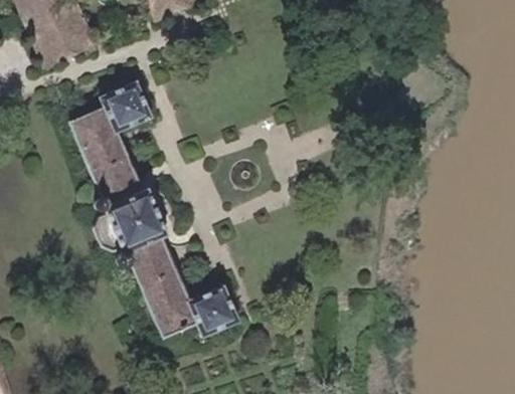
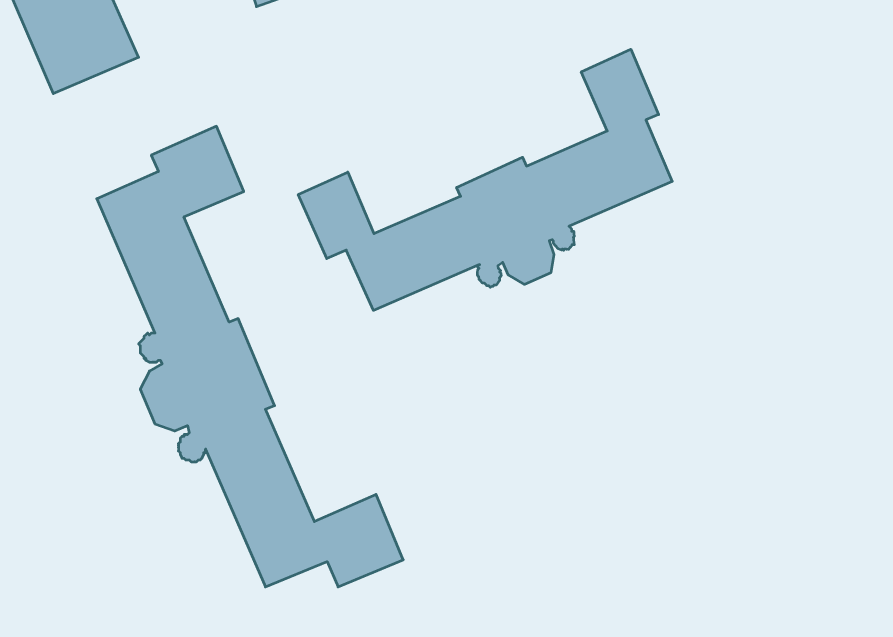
building: none -> [298,49,672,310]

